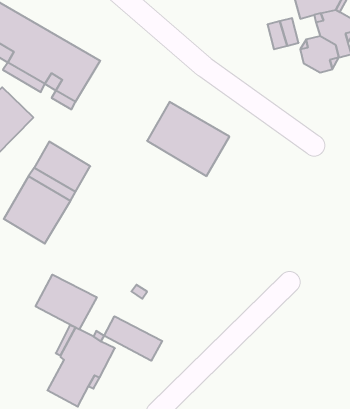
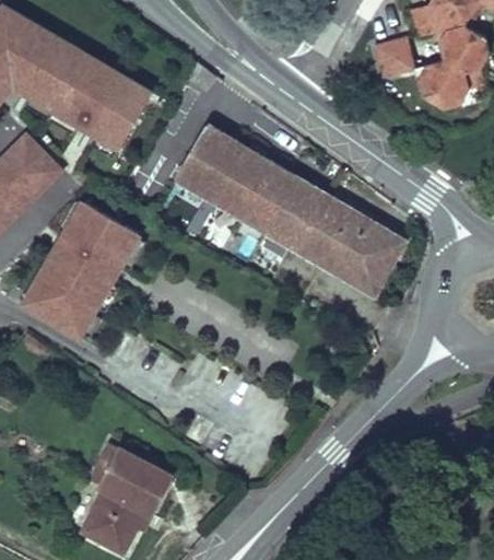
building: none -> [175,125,244,199]
building: none -> [293,194,404,293]
building: [36,275,97,329] -> none
building: [104,316,162,361] -> none

